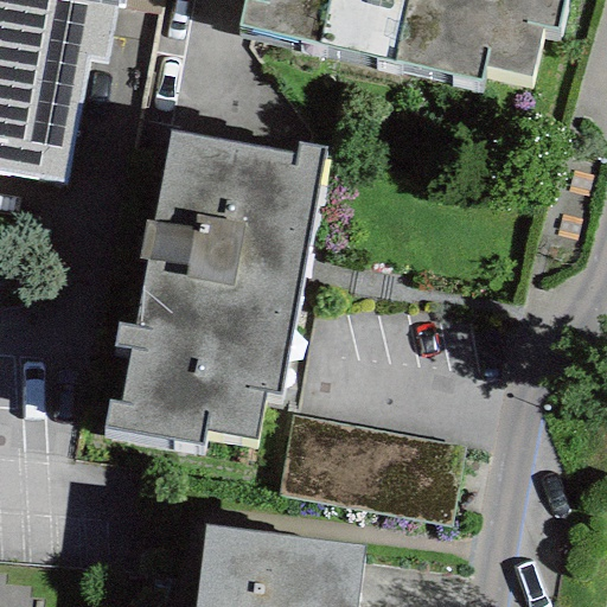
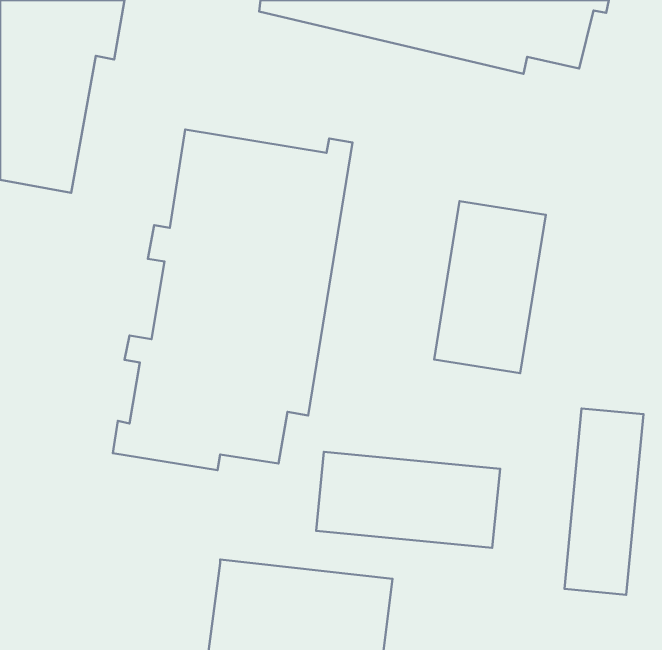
building: none -> [434,201,546,373]
building: none -> [564,408,644,595]

